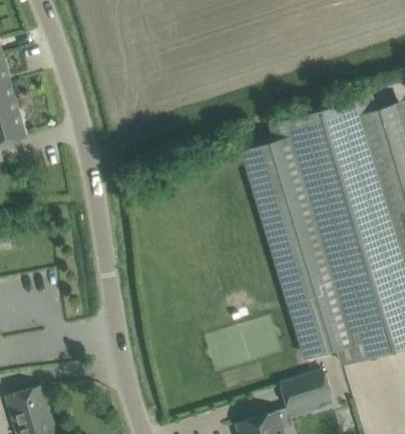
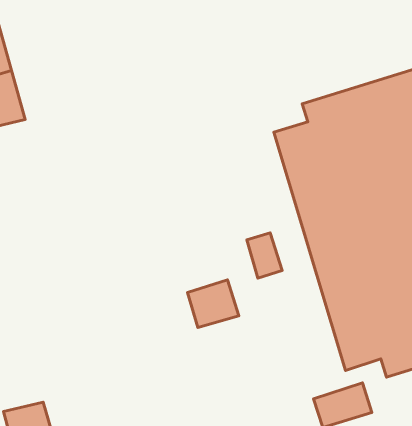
building: none -> [247,233,282,278]
building: none -> [187,280,239,327]

